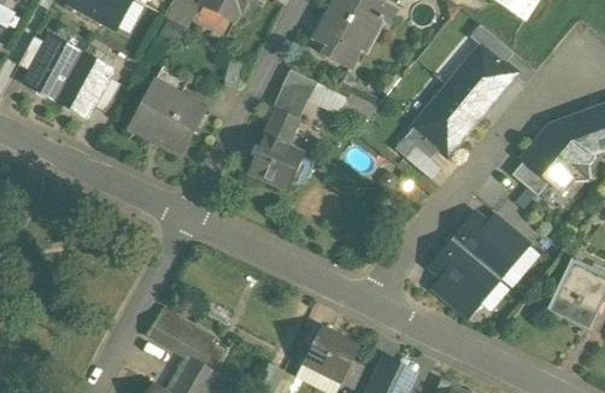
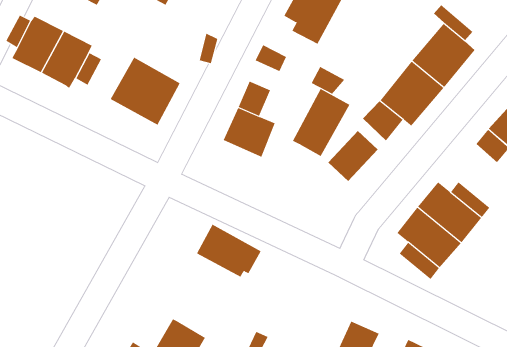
building: none -> [292,88,350,157]
building: none -> [328,130,379,182]
building: [145,307,213,364] -> [196,224,261,277]
building: [302,328,359,381] -> none

